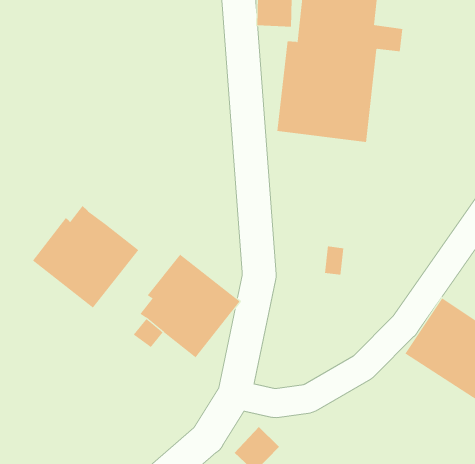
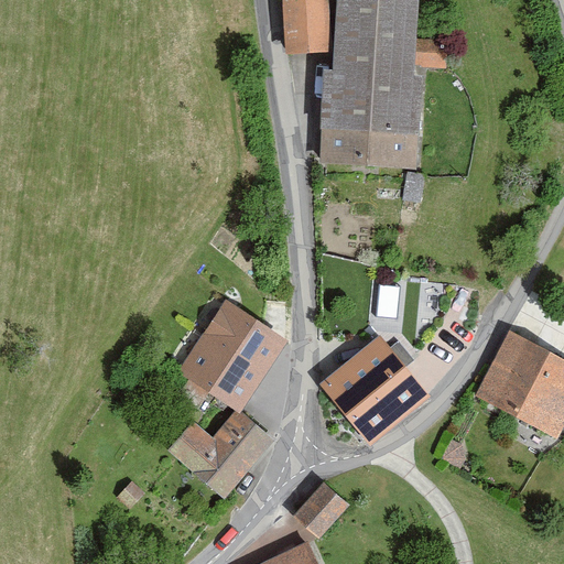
building: [32,205,139,308] -> none
building: none -> [321,336,424,440]
building: none -> [166,412,270,497]

